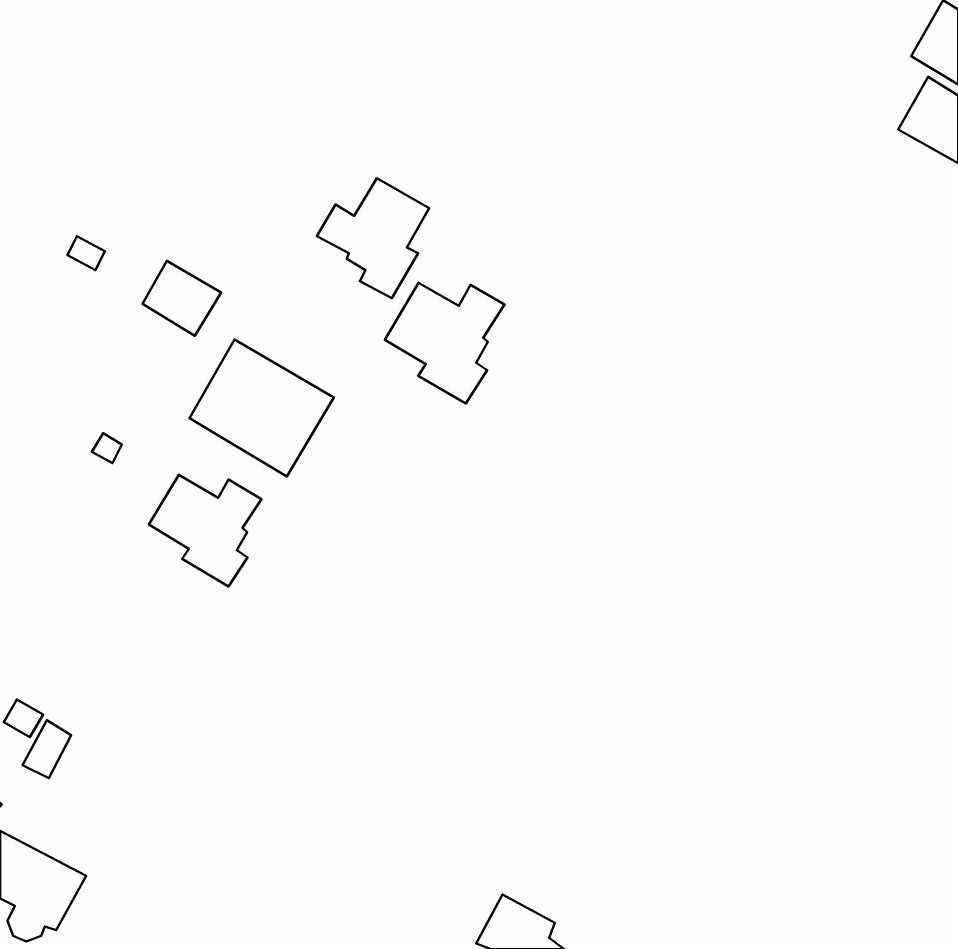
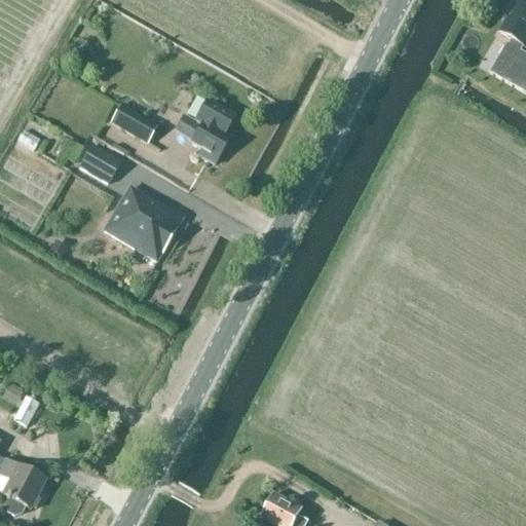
building: none -> [111,103,158,143]
building: [385,283,504,403] -> none
building: [149,475,262,586] -> none

